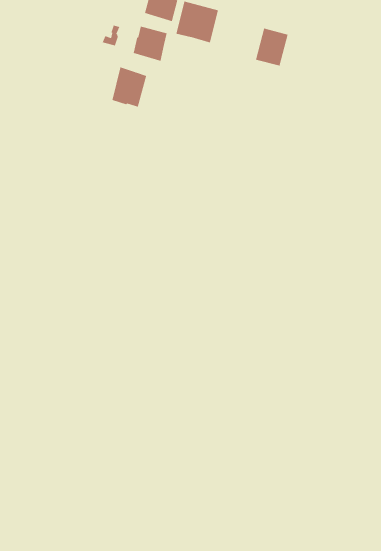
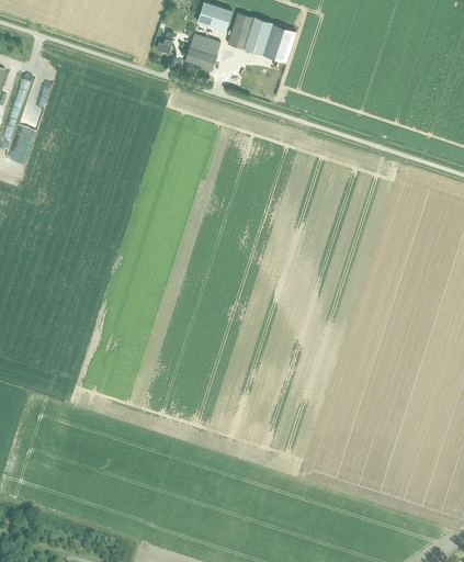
building: [255,28,289,66] -> [261,24,295,63]
building: [112,66,147,108] -> none

